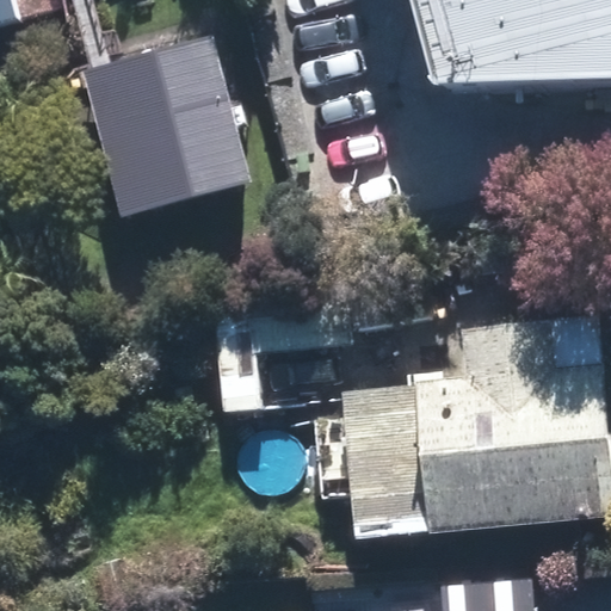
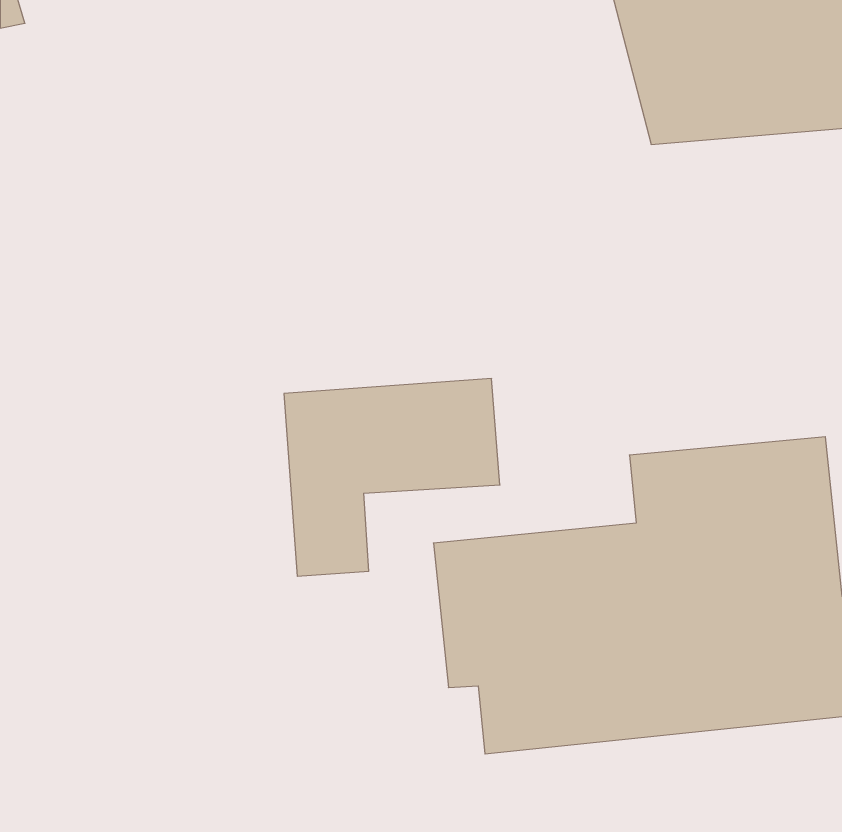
building: [81,35,253,223] -> none

